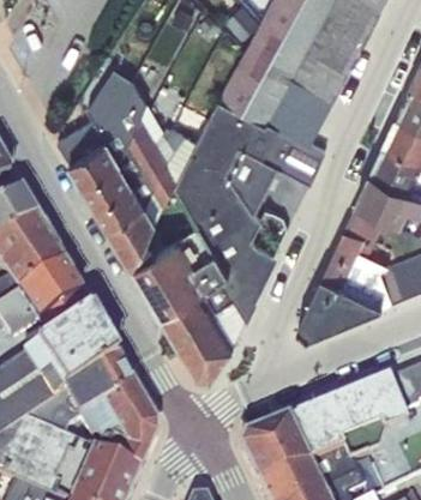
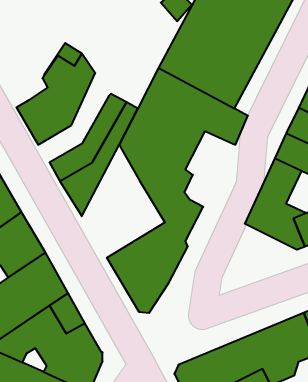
building: [84,97,166,200] -> none
building: [134,222,230,311] -> none
building: [299,271,383,331] -> none

